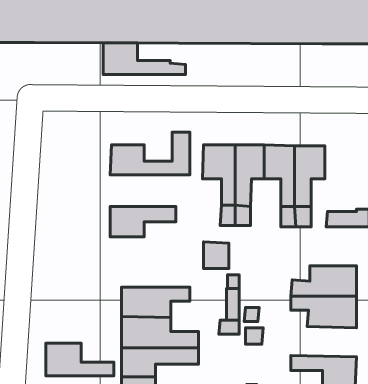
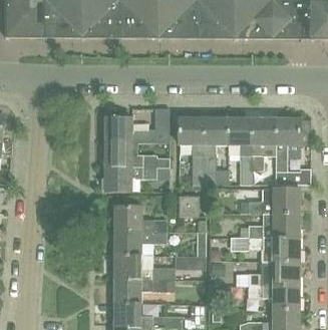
building: [103,43,185,74] -> [104,141,170,167]
building: none -> [275,118,301,171]
building: none -> [241,189,300,214]
building: none -> [248,262,300,286]
building: [46,343,114,376] -> [113,205,168,231]

